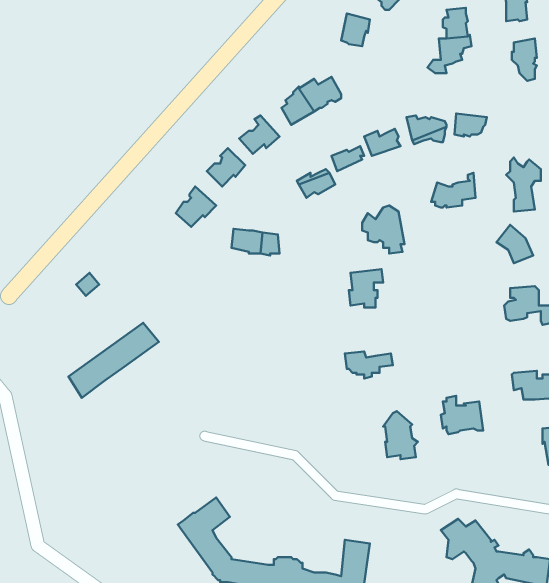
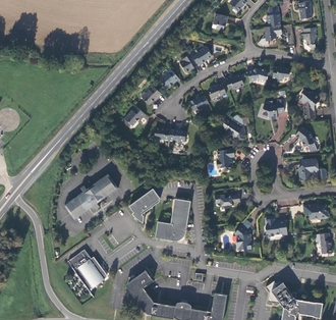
building: none -> [129,189,160,222]
building: none -> [155,199,190,241]
building: none -> [68,250,107,289]

